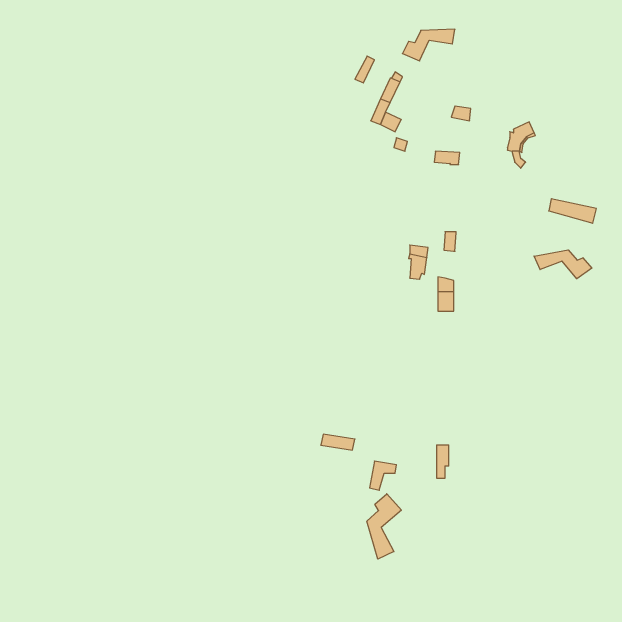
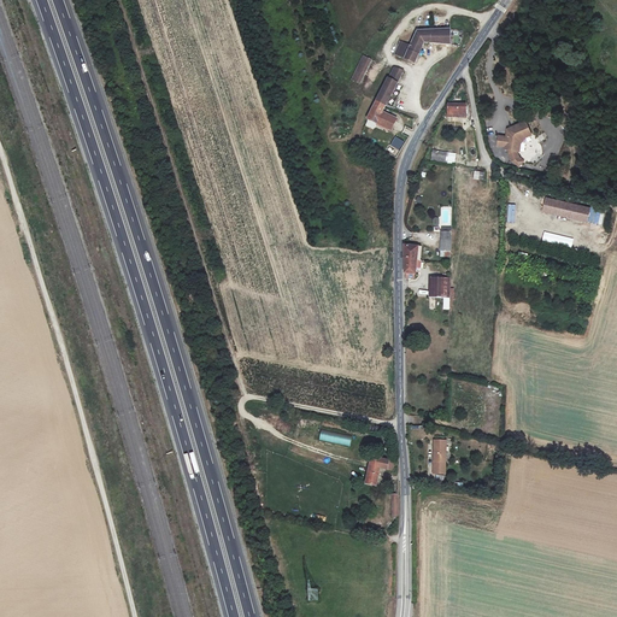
building: [534,250,592,279] -> none
building: [367,494,401,559] -> none

